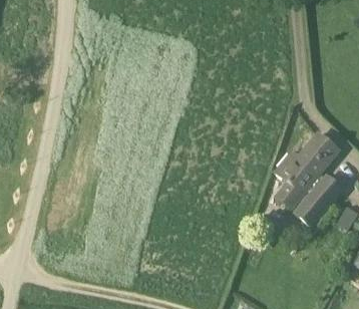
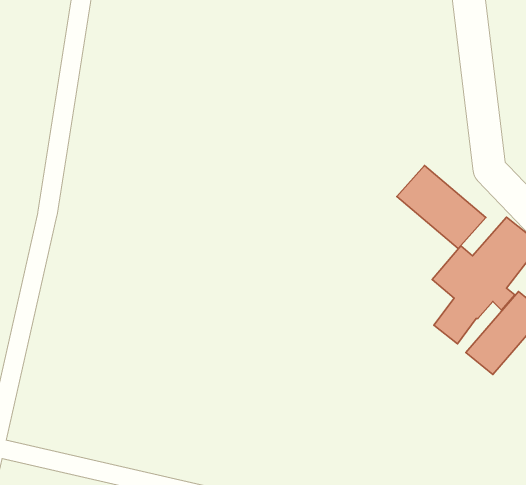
building: none -> [397,166,486,249]

